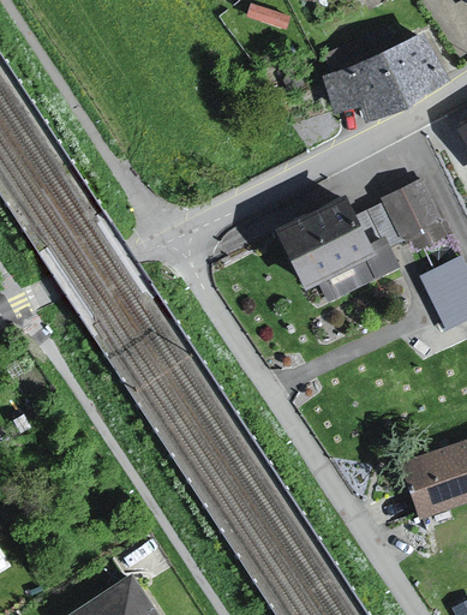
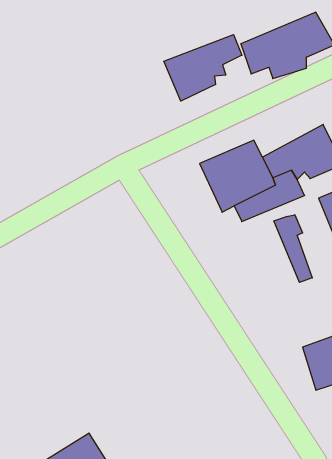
building: none -> [164,35,242,101]
building: none -> [274,215,312,282]

